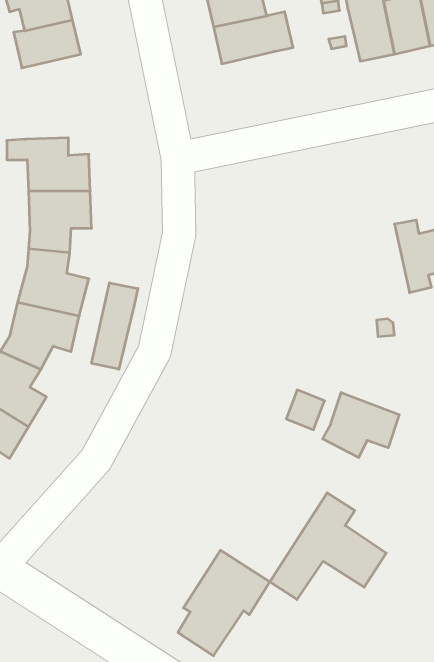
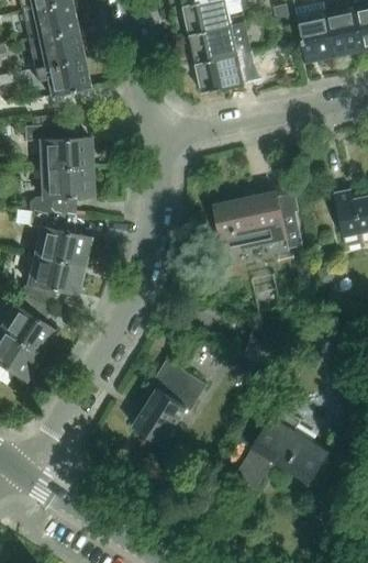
building: none -> [196,53,244,91]
building: none -> [35,55,89,95]
building: none -> [214,191,302,253]
building: [92,283,138,369] -> none
building: [323,392,399,458] -> none
building: [178,550,270,656] -> [134,360,208,444]

